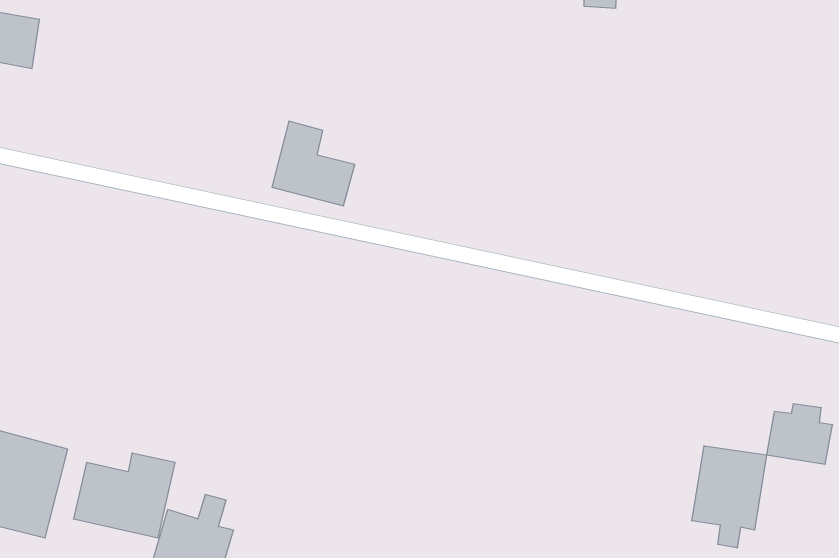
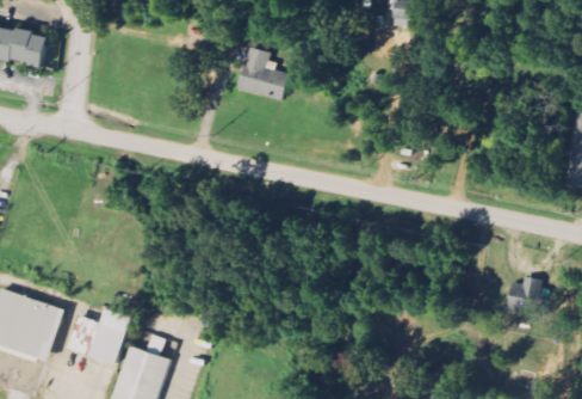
building: [272,121,355,206] -> [239,48,291,102]
building: [692,446,767,548] -> none

